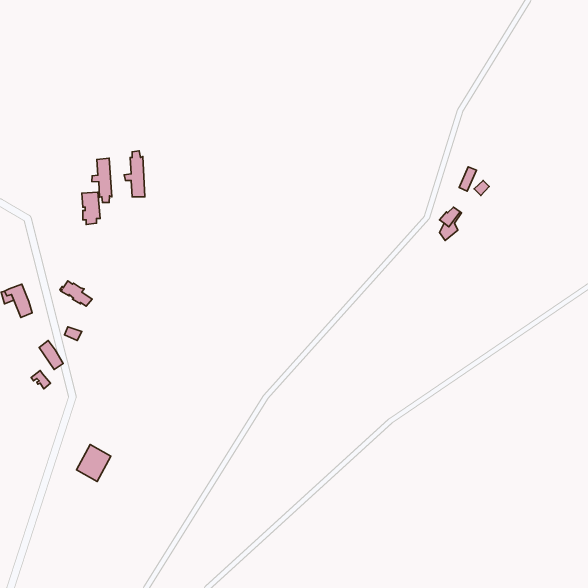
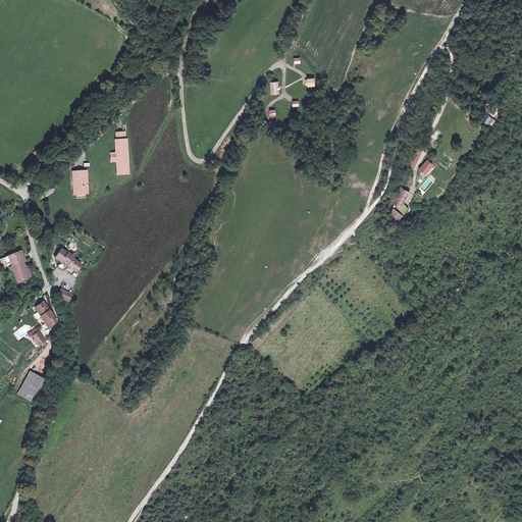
building: [92,158,112,203] -> none
building: [76,445,111,481] -> [17,371,48,404]

